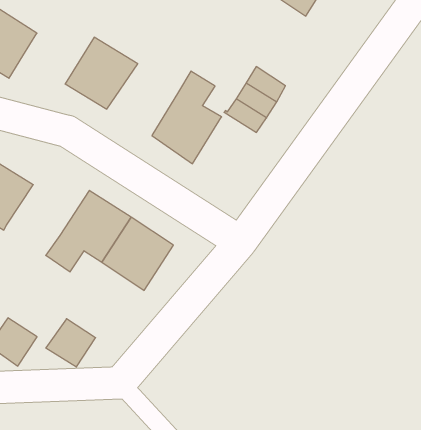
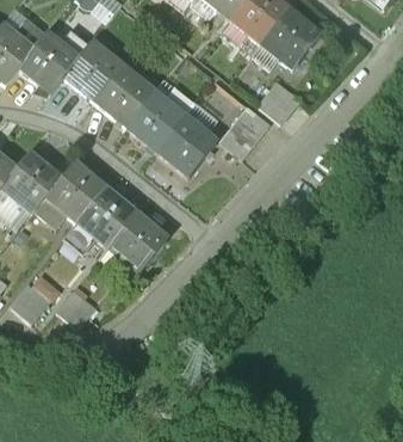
building: none -> [63,42,122,102]
building: none -> [259,80,300,122]
building: none -> [125,86,196,151]
building: none -> [35,162,104,227]

